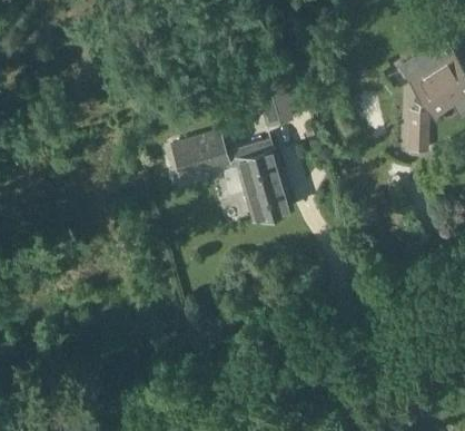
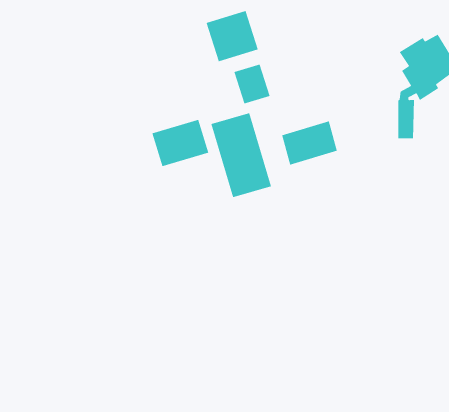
building: none -> [206,10,259,62]
building: none -> [281,121,338,165]

